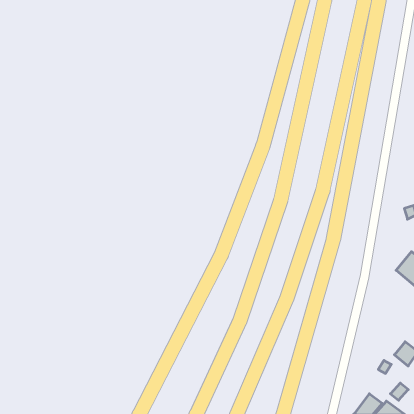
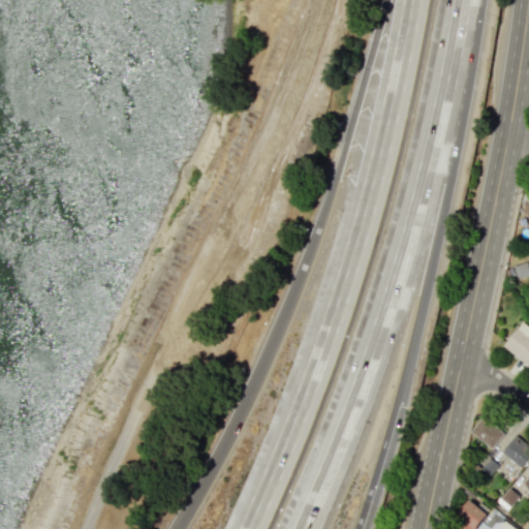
building: none -> [471,416,505,449]

